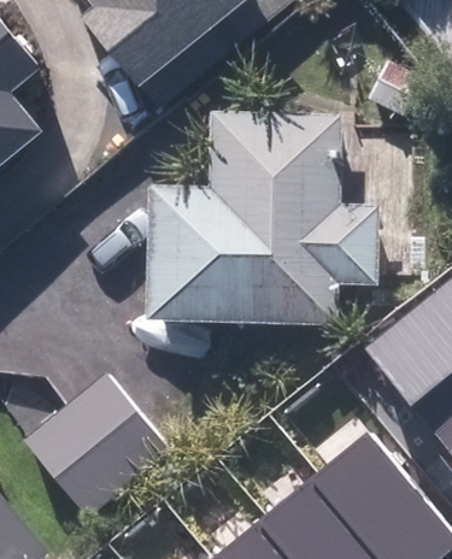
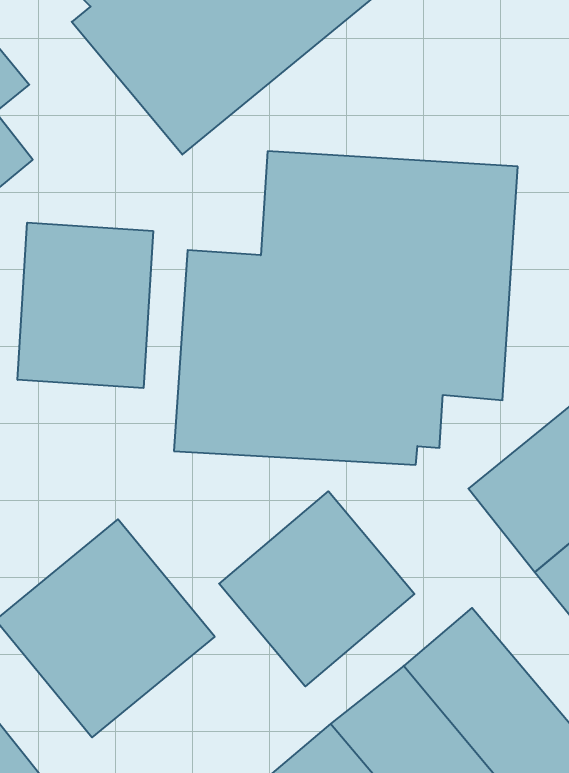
building: none -> [18,223,153,388]
building: none -> [219,491,414,686]

